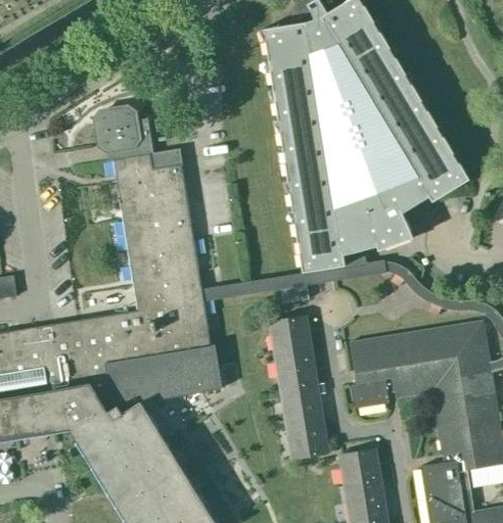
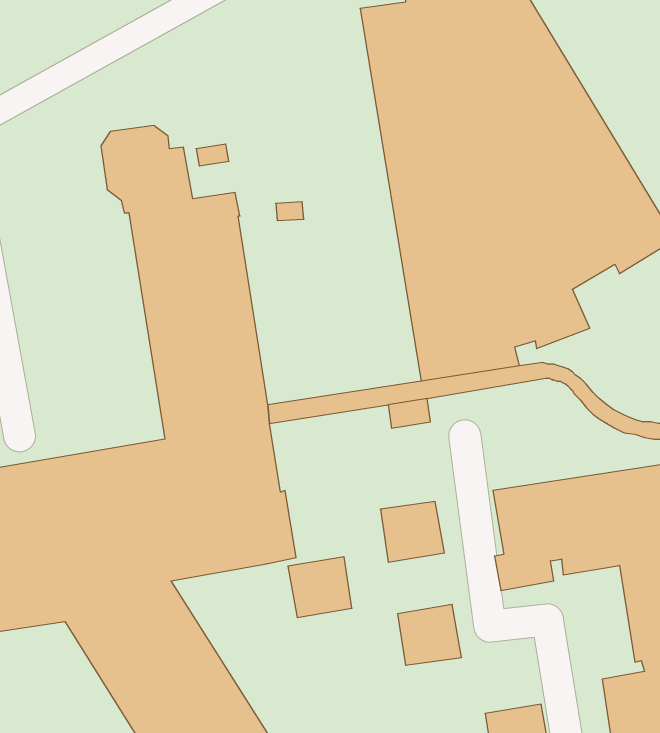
building: [270,316,312,355] -> none
building: [281,384,323,424] -> [288,557,352,618]
building: [338,449,381,489] -> none

